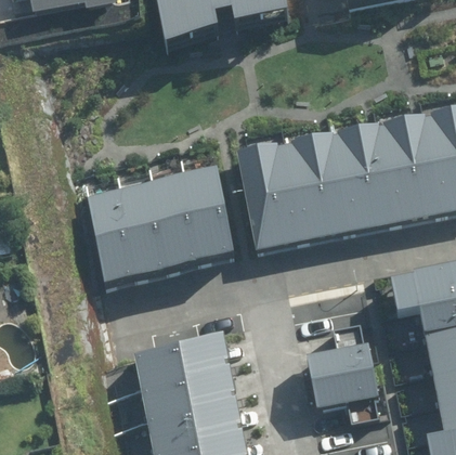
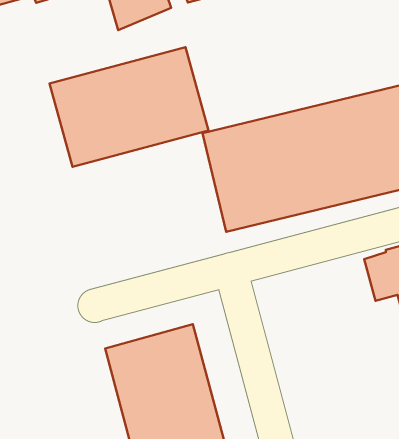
building: [82,170,234,280] -> [49,47,208,167]
building: [305,341,378,408] -> none

